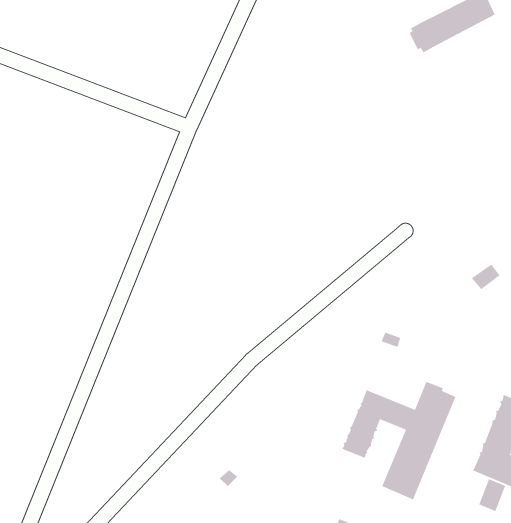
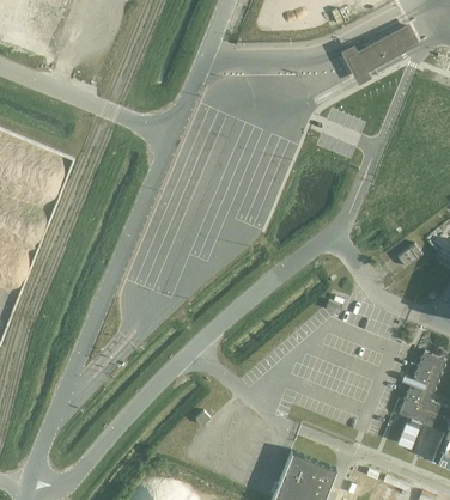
building: [341,381,456,501] -> none

